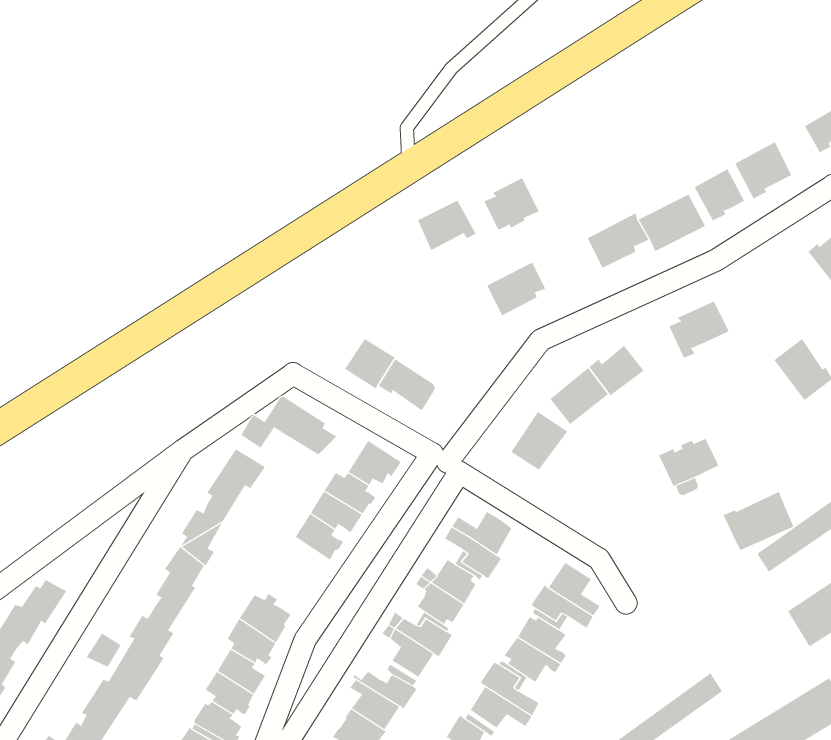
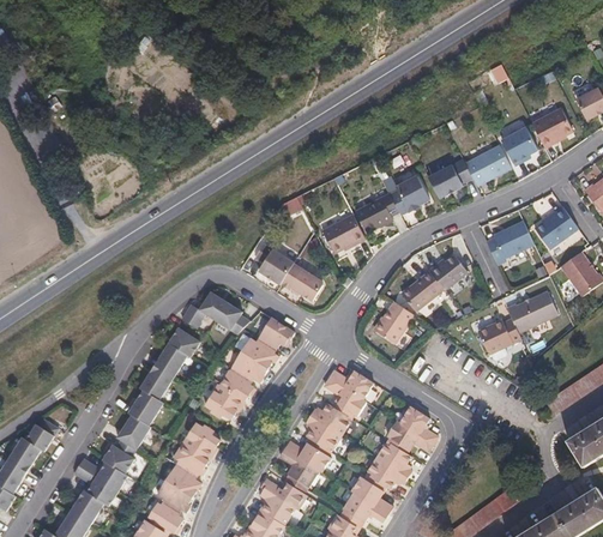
building: [484,177,540,230] -> [387,177,427,215]
building: [417,200,477,251] -> [321,216,363,252]
building: none -> [531,204,573,246]
building: [723,491,794,551] -> [503,289,554,331]
building: none -> [206,387,245,423]

